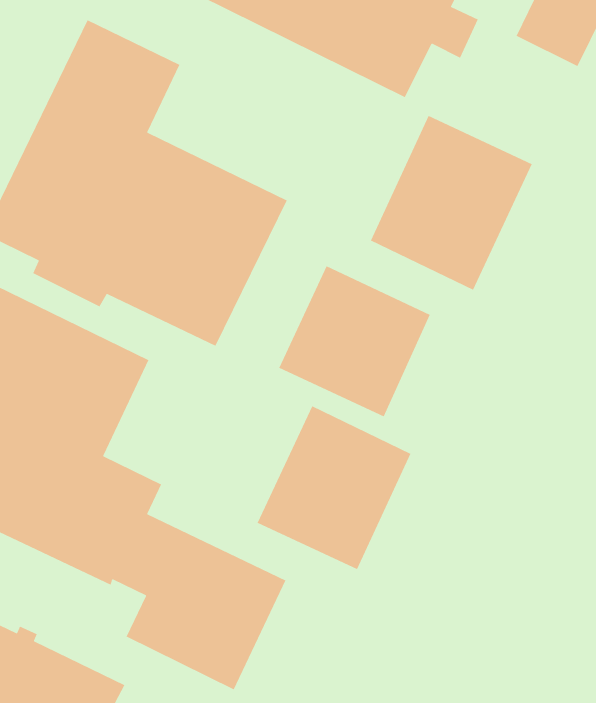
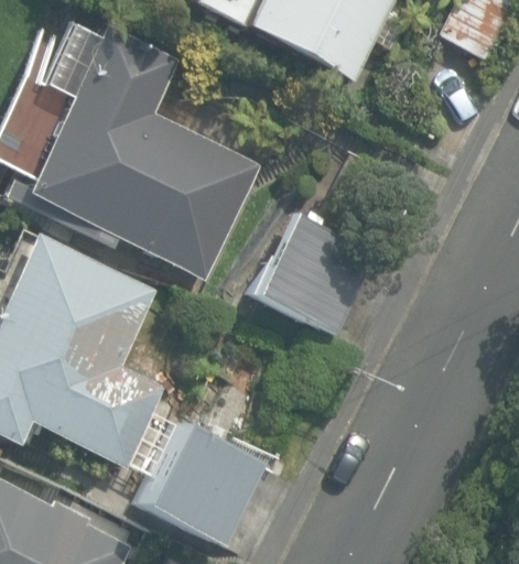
building: [370,115,533,291] -> none
building: [257,405,411,570] -> none

